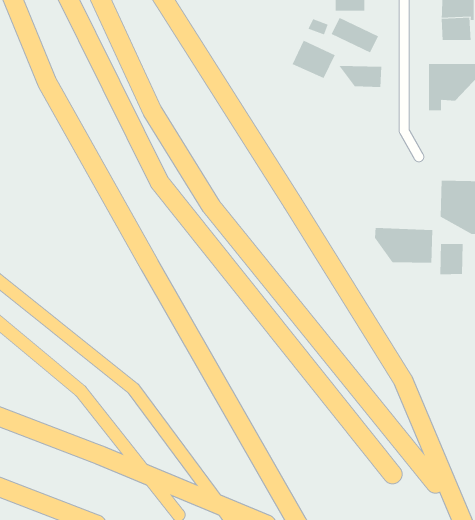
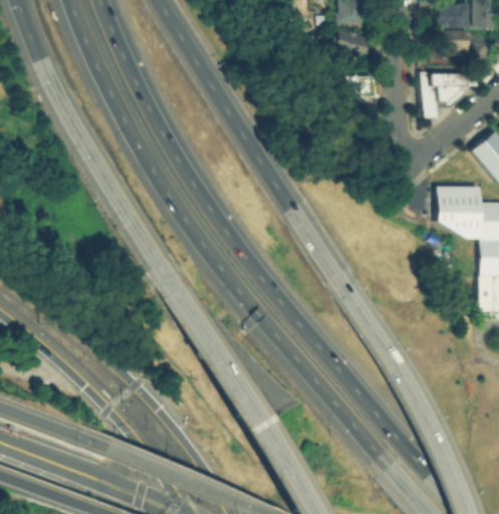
building: [292,40,335,79] -> none
building: [374,227,433,264] -> none
building: [440,243,463,275] -> none

